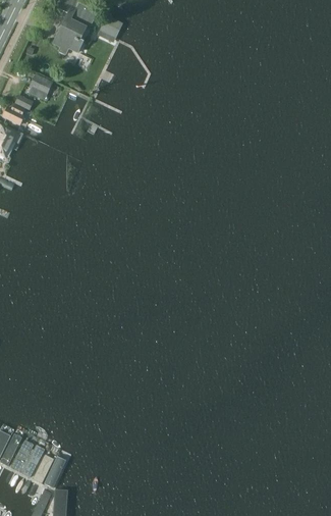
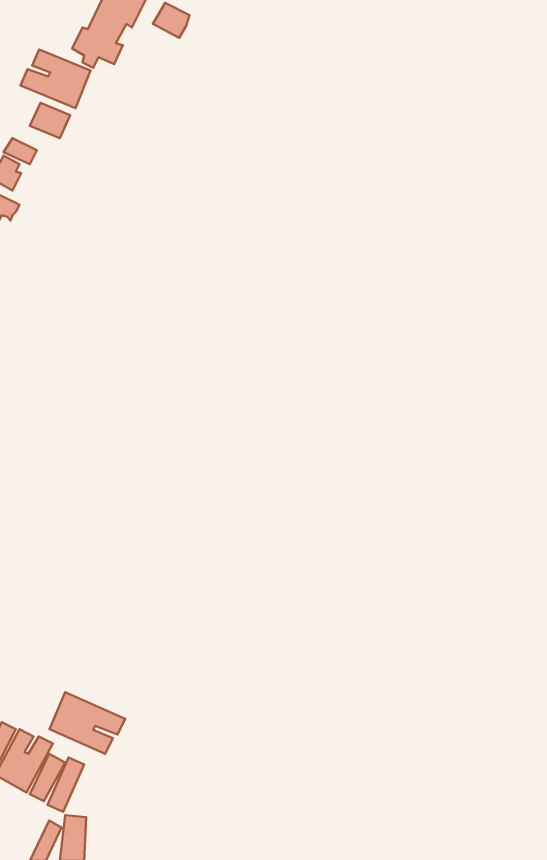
building: none -> [20,49,90,108]
building: none -> [49,692,125,754]

